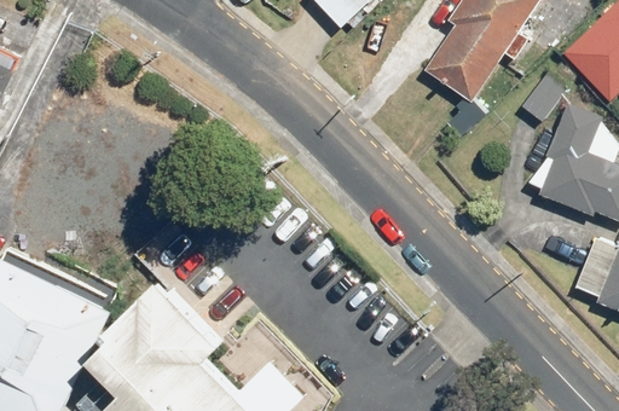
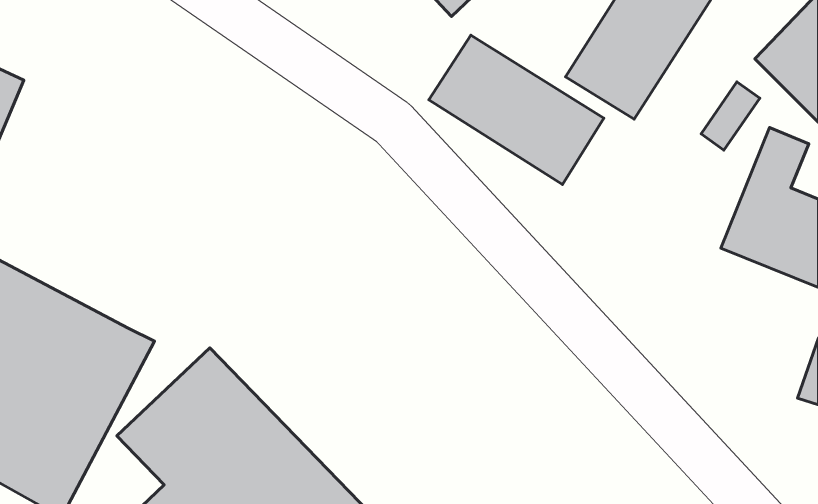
building: none -> [429,35,604,184]

